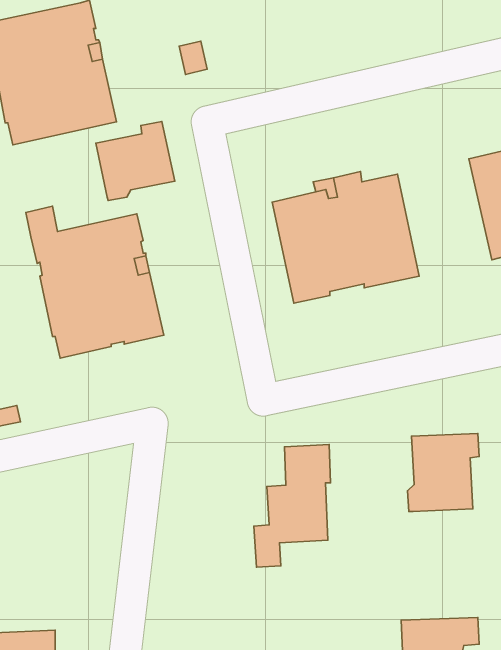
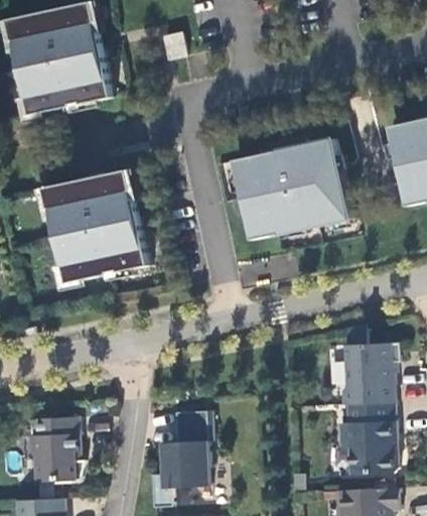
building: [96,121,175,201] -> none
building: [254,444,331,567] -> [149,411,209,508]
building: none -> [336,403,395,476]
building: none -> [27,417,82,484]

